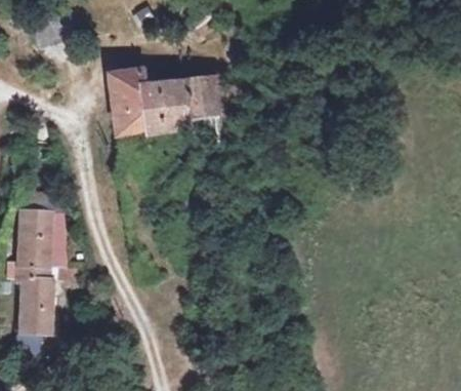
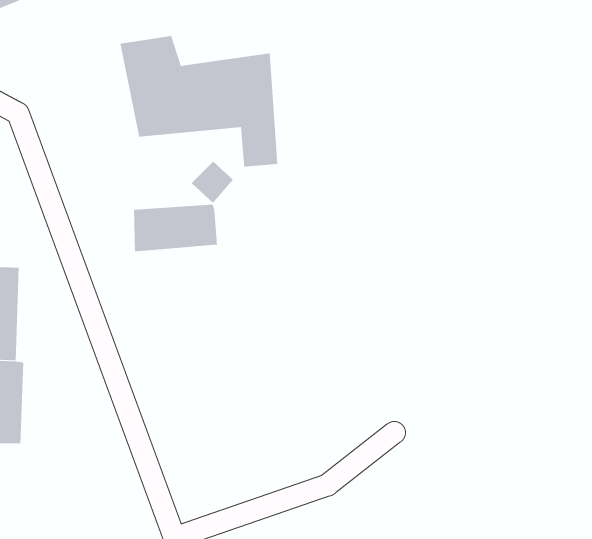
building: none -> [133,204,217,252]

